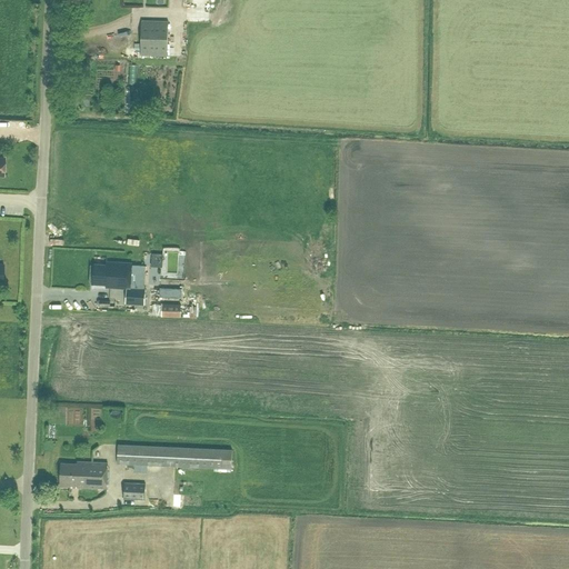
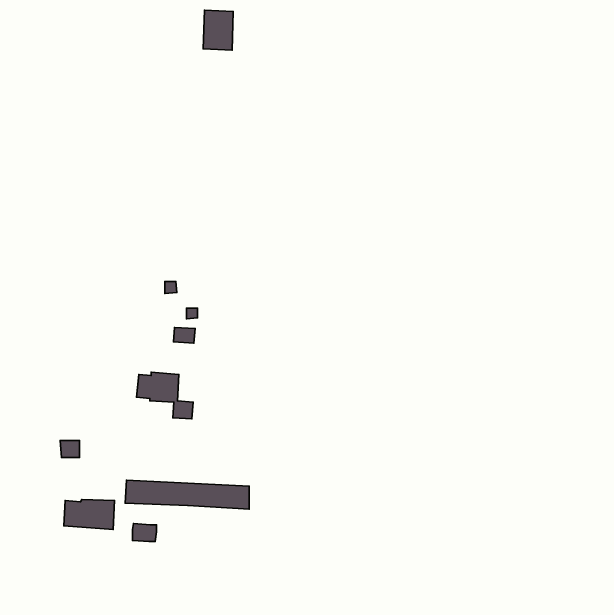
building: [139,20,167,57] -> [203,10,233,50]
building: [91,261,143,305] -> [137,372,193,419]

